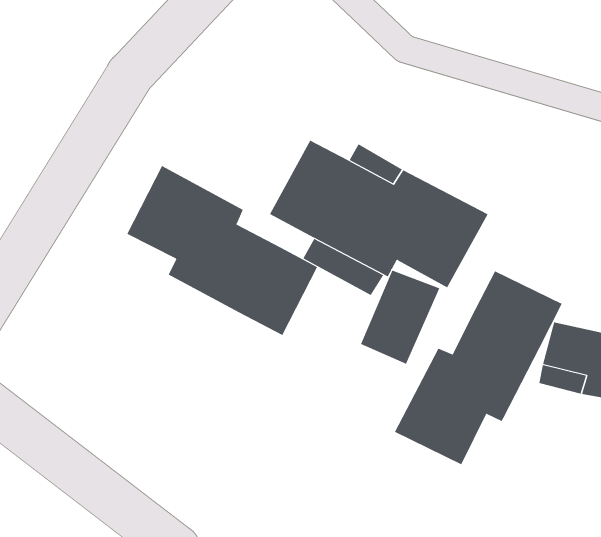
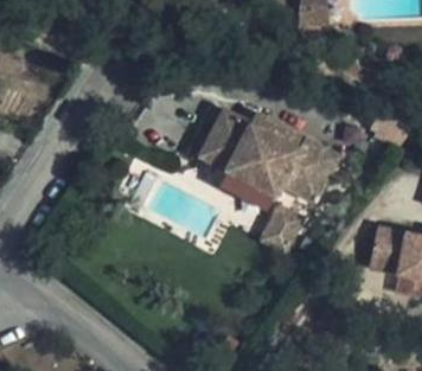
building: [126,165,318,336] -> none
building: [394,270,563,465] -> none

